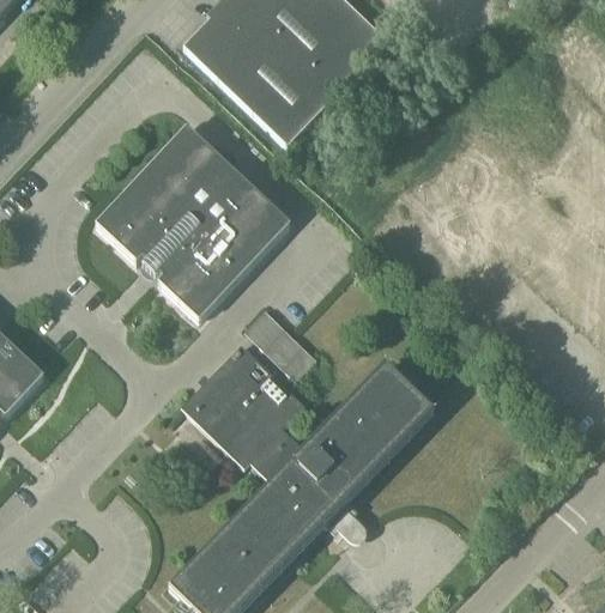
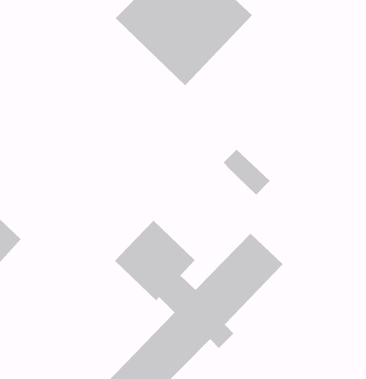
building: [93,125,290,320] -> none
building: [244,309,315,378] -> [223,149,271,195]

